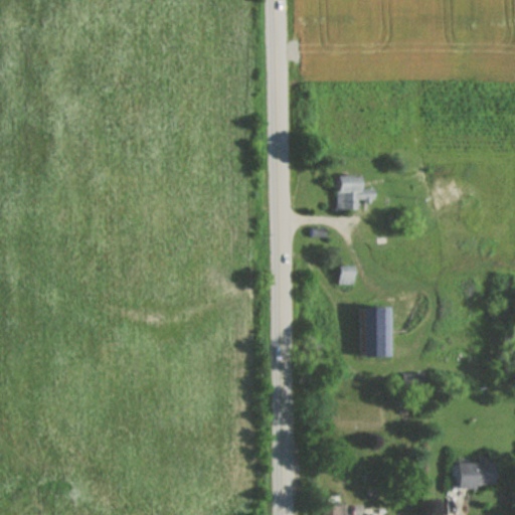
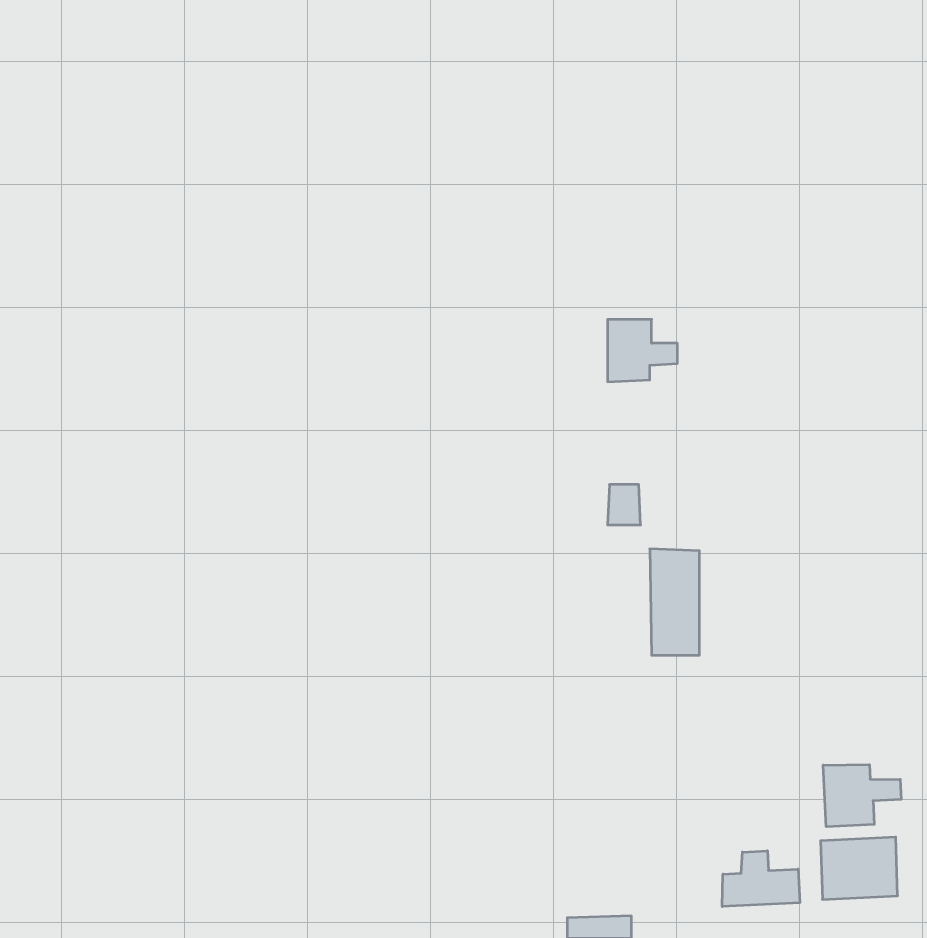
building: none -> [823,765,901,827]
building: none -> [722,851,800,907]

